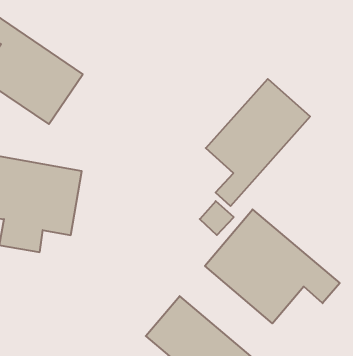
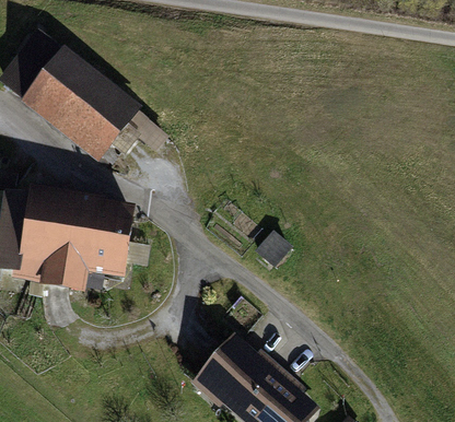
building: [206,79,310,206] -> none
building: [205,209,340,323] -> none

